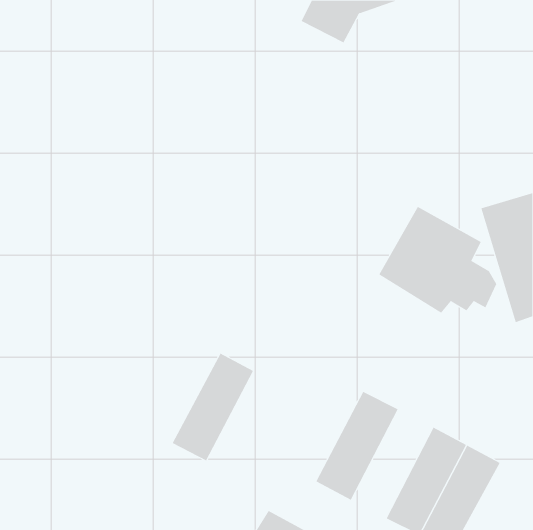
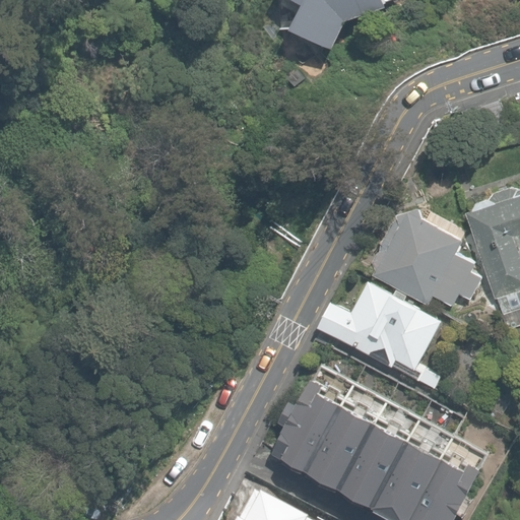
building: none -> [321,282,444,385]
building: [172,353,254,461] -> [271,368,350,472]
building: none -> [339,402,418,508]

